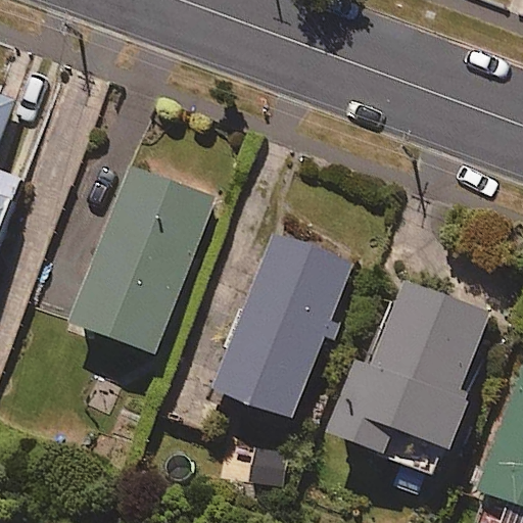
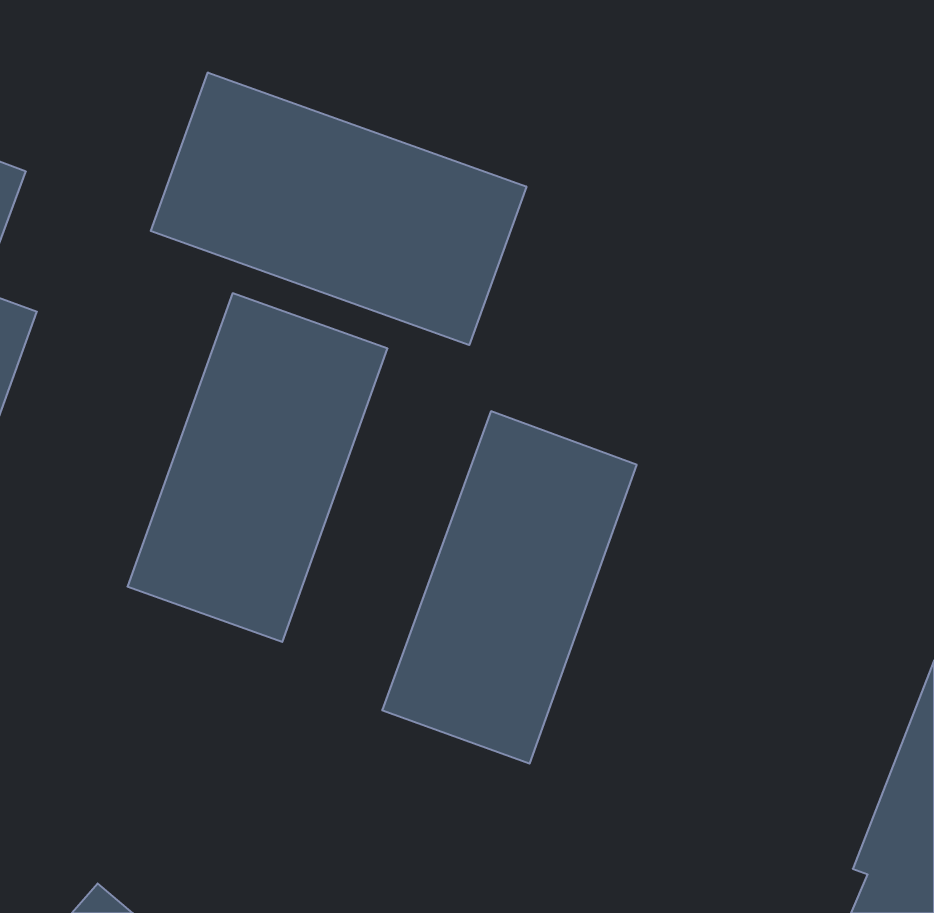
building: none -> [151,72,526,345]
building: [331,280,491,463] -> none

